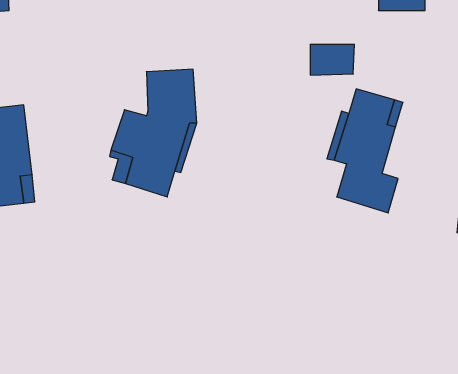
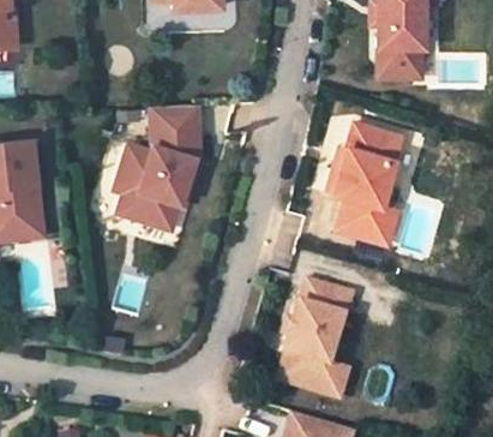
building: [310,44,354,75] -> [379,48,422,78]
building: none -> [278,281,353,399]

